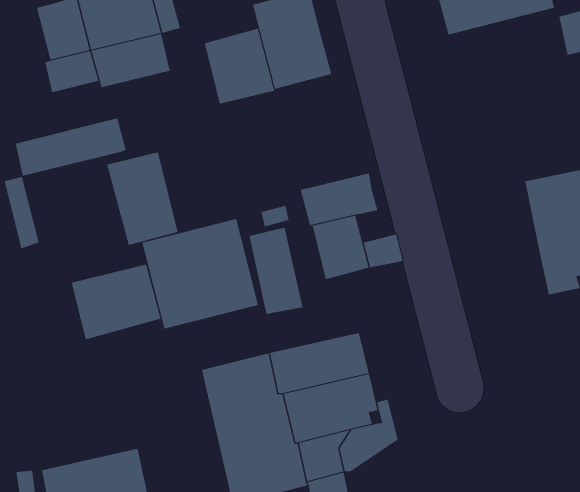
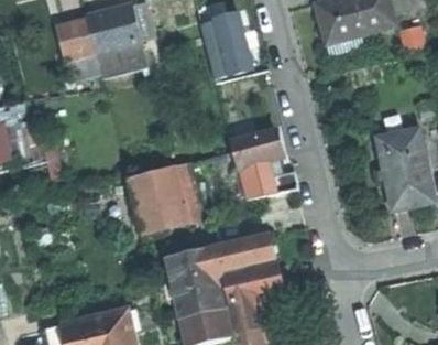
building: [204,28,275,105] -> none
building: [15,118,126,176] -> none
building: [106,151,178,246] -> none
building: [249,227,303,315] -> none
building: [71,264,161,340] -> none

